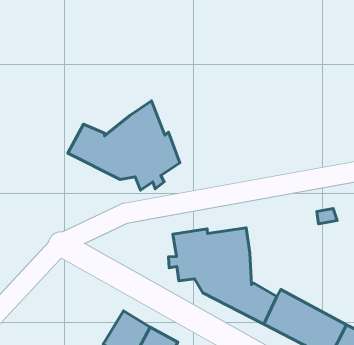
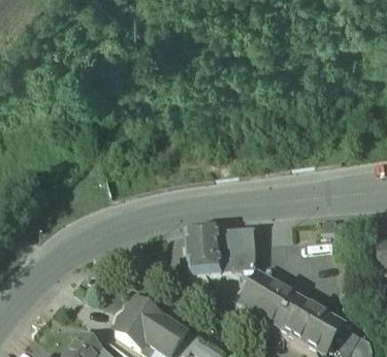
building: [68,101,180,190] -> none

